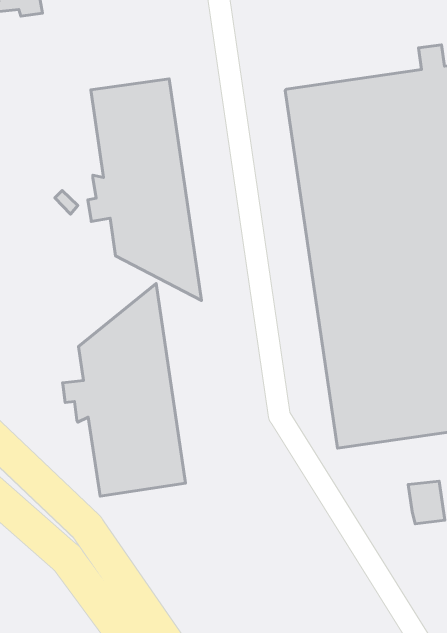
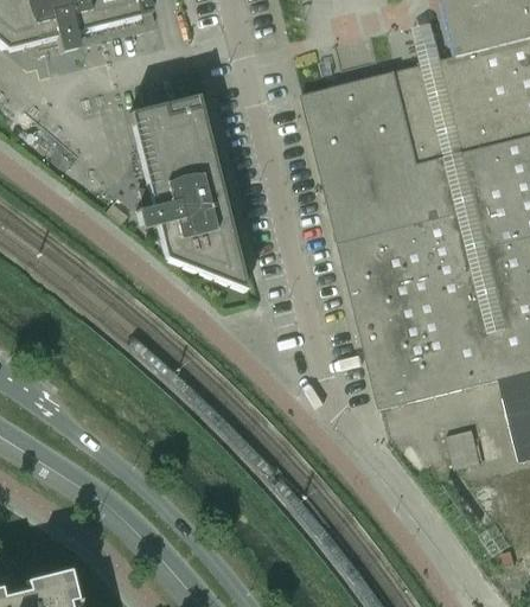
building: [62,283,185,496] -> none

